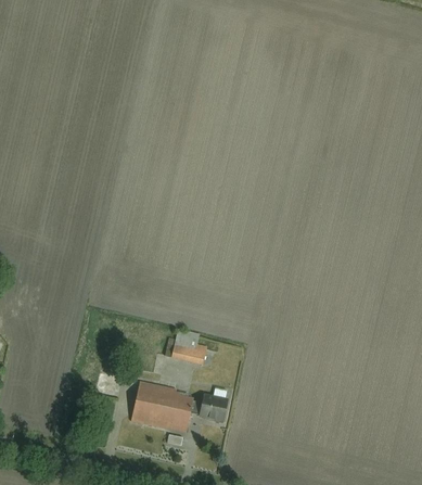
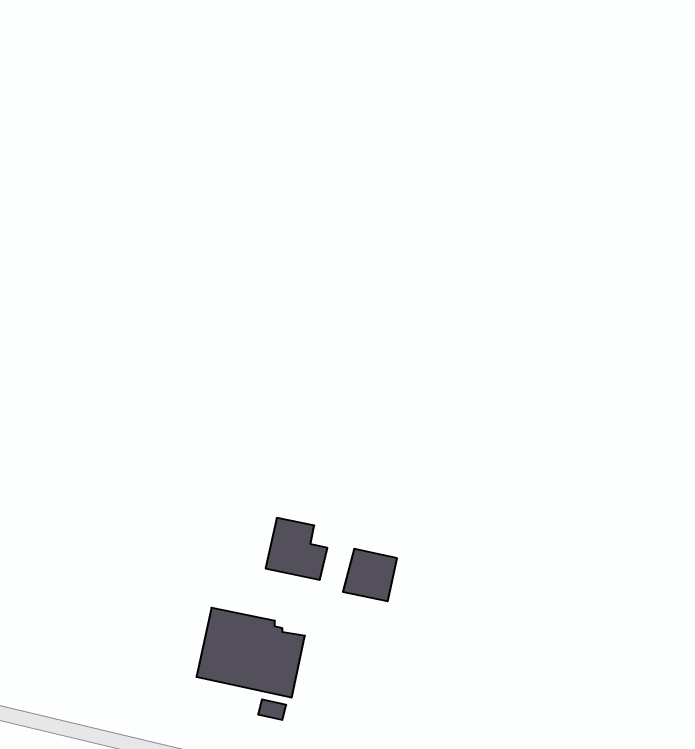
building: [197,393,229,423] -> [343,549,397,601]

